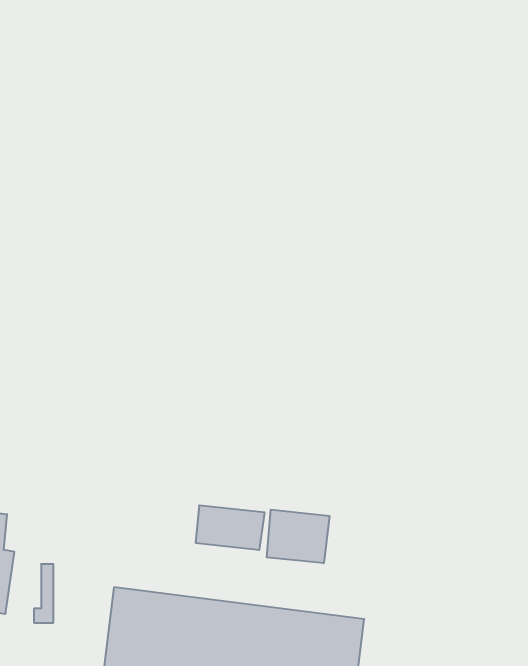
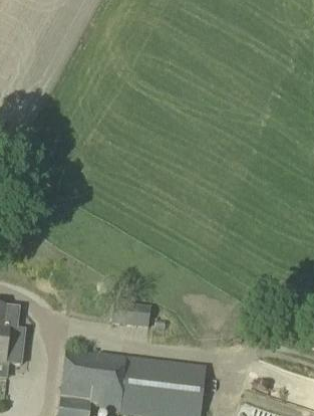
building: [267,510,329,563] -> none

